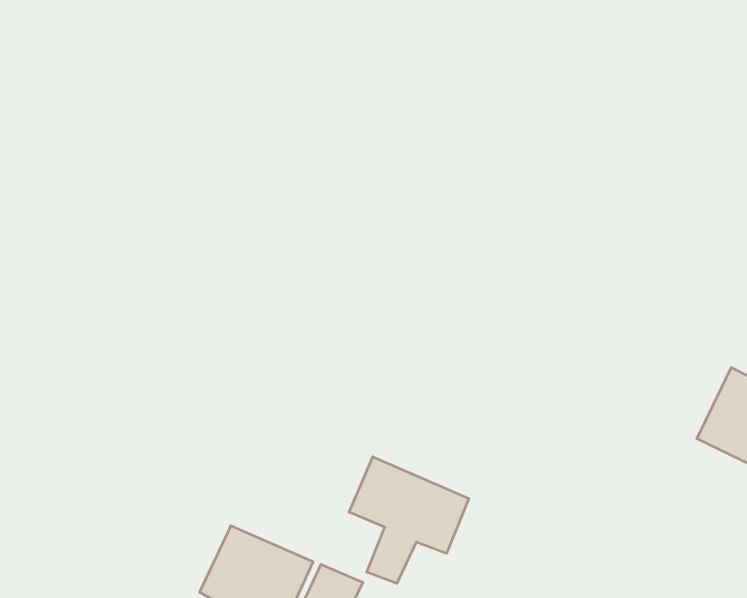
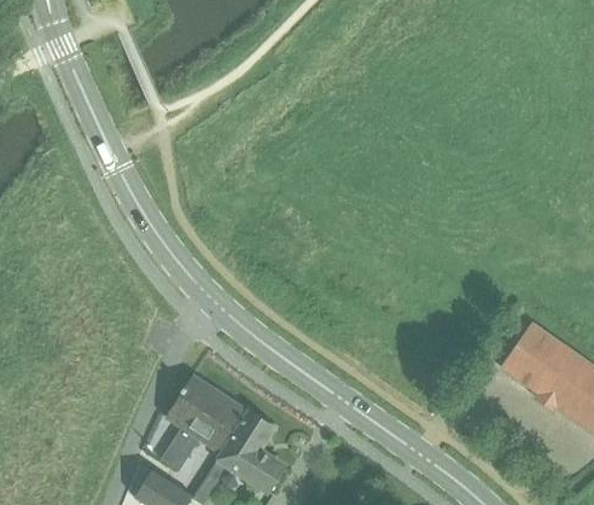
building: [349,457,469,583] -> none

